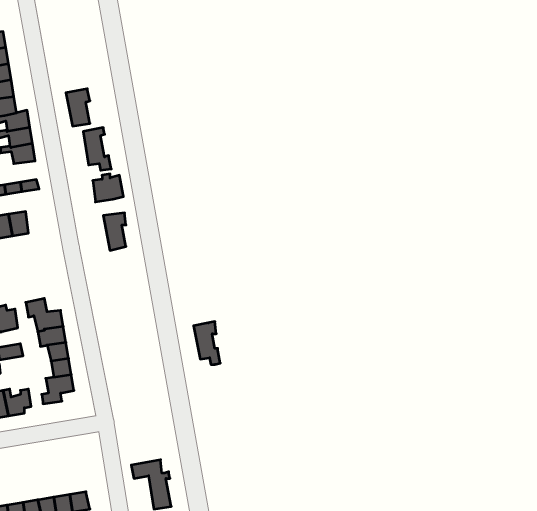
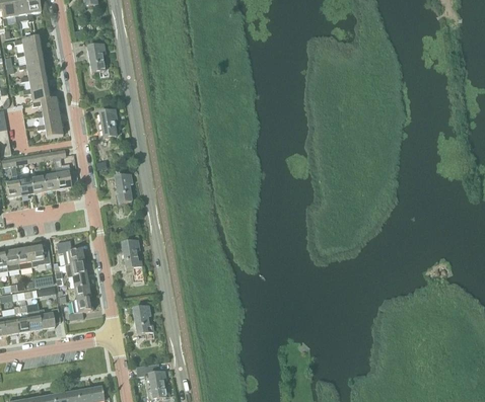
building: [66,89,90,126] -> [87,43,106,71]
building: [93,174,123,202] -> [56,167,79,188]
building: [194,322,220,364] -> [122,239,142,271]
building: none -> [133,305,150,333]

